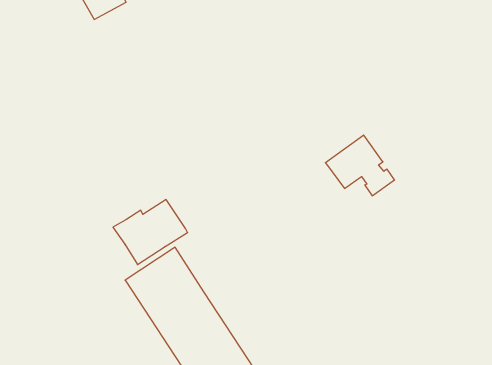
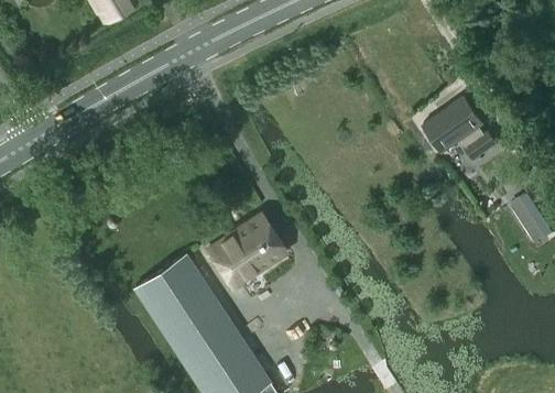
building: [325,135,395,196] -> [425,98,497,161]
building: [113,200,188,265] -> [208,220,285,287]

